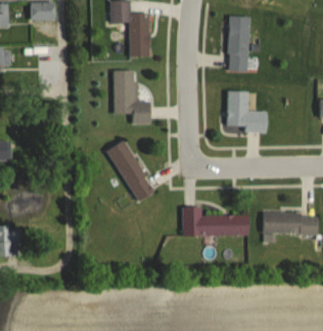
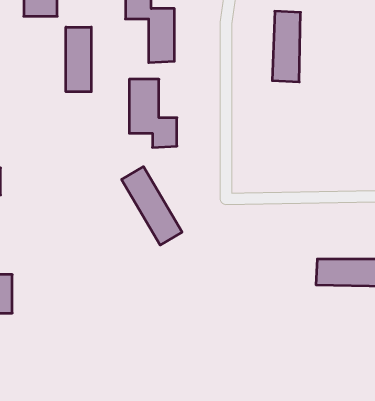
building: none -> [66,27,91,92]
building: [226,91,267,132] -> none
building: [182,206,249,236] -> none

